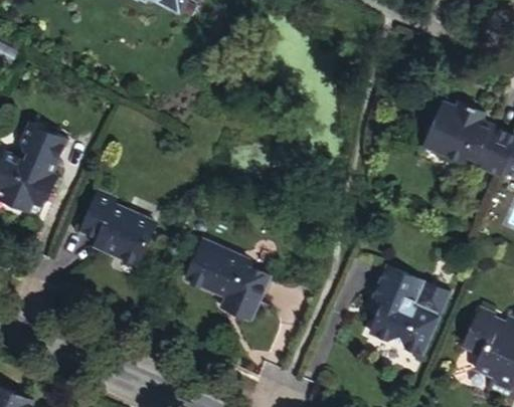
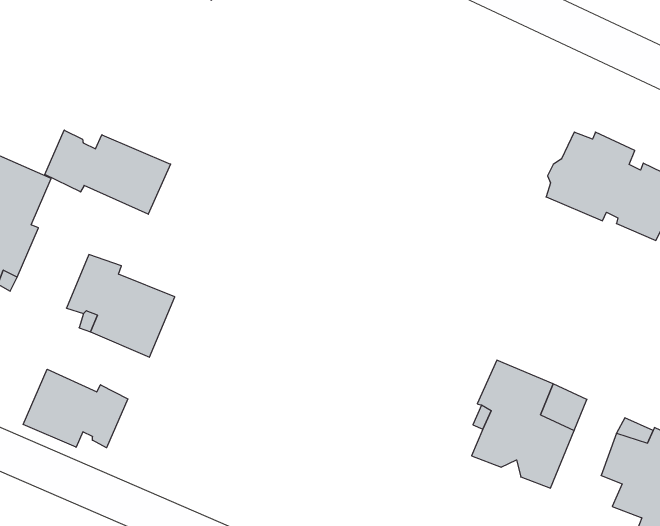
building: none -> [45,130,171,214]
building: [184,239,267,318] -> none
building: none -> [23,369,128,448]

